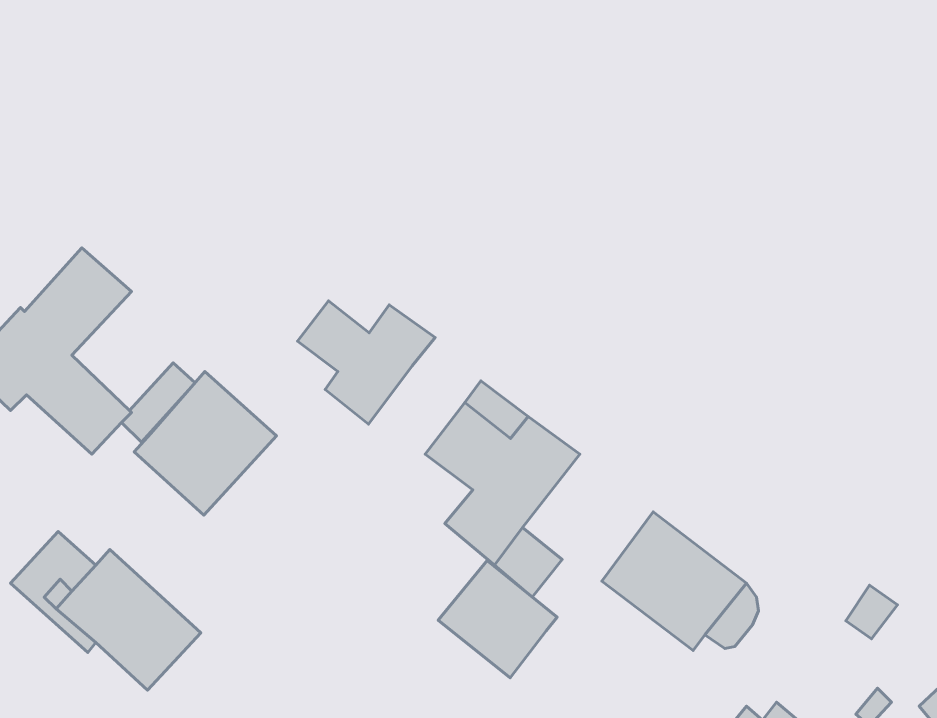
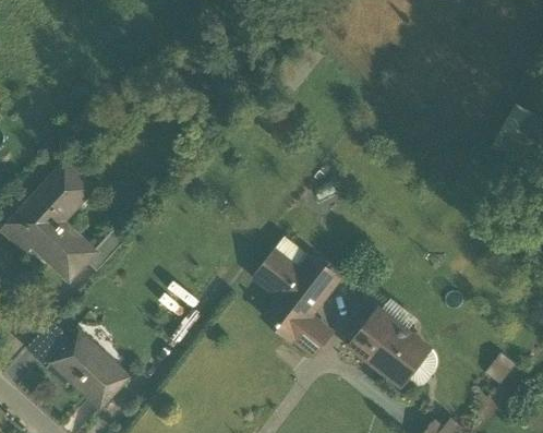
building: [298,301,435,424] -> none
building: [134,372,276,515] -> none
building: [438,561,557,678] -> none

